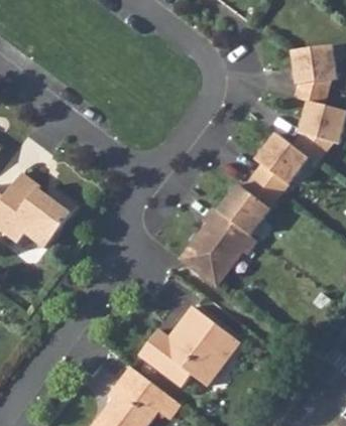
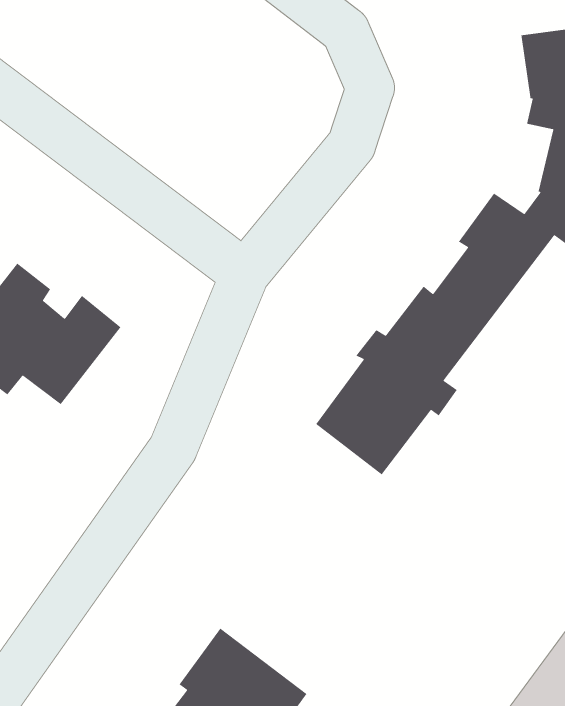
building: [140,307,240,387] -> none

